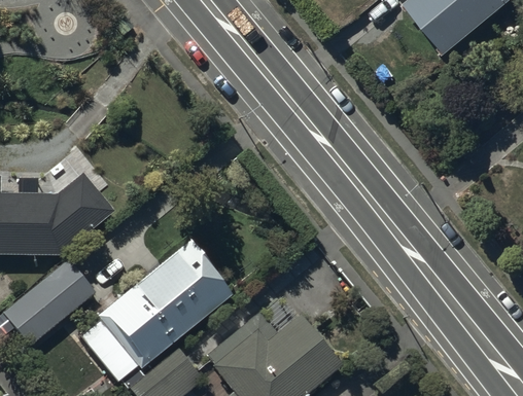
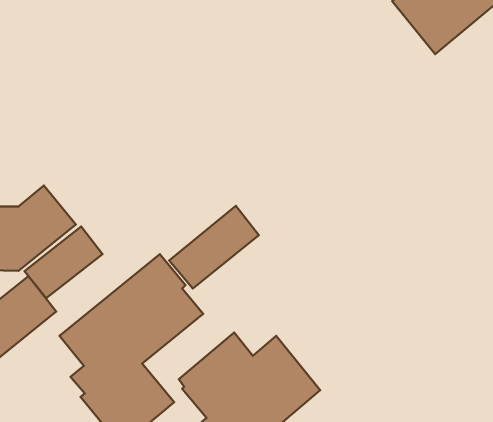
building: none -> [169,206,259,289]
building: none -> [24,226,102,298]

